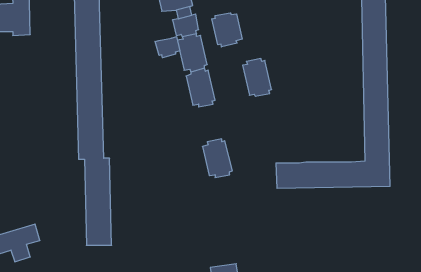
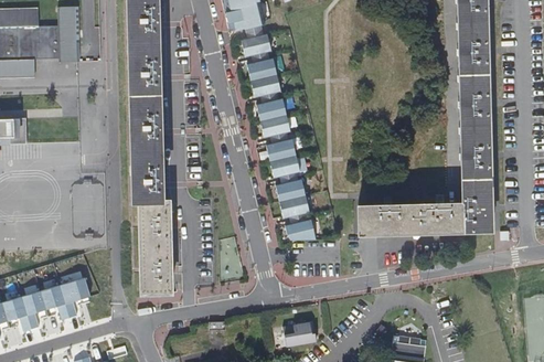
building: [212,13,242,47] -> none
building: [155,37,180,58] -> none
building: [243,59,272,96] -> [266,139,299,182]
building: none -> [285,220,316,244]

